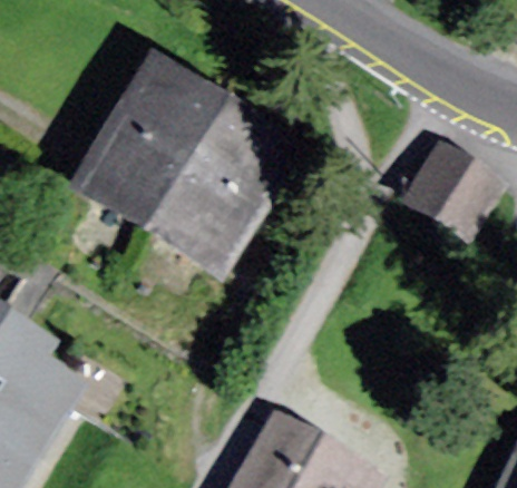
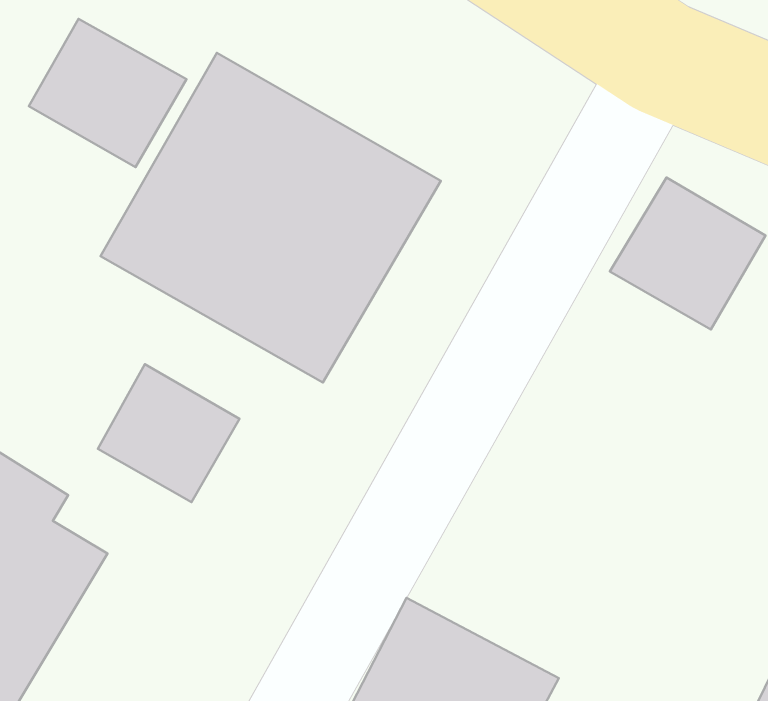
building: none -> [29,19,186,167]
building: none -> [98,364,239,502]

